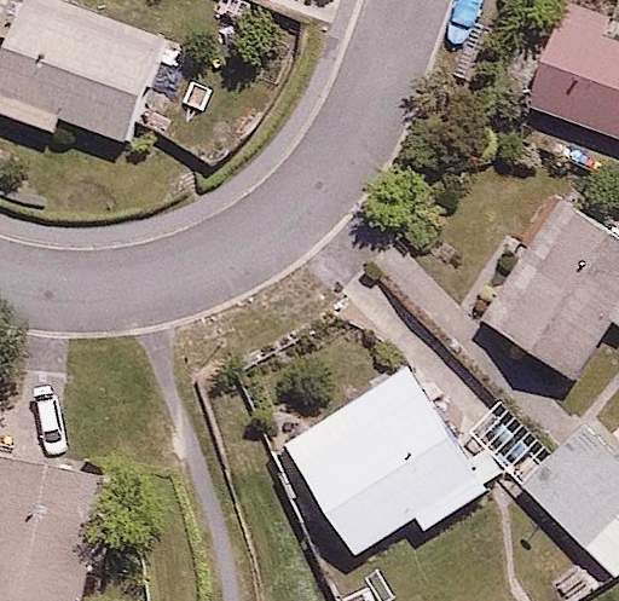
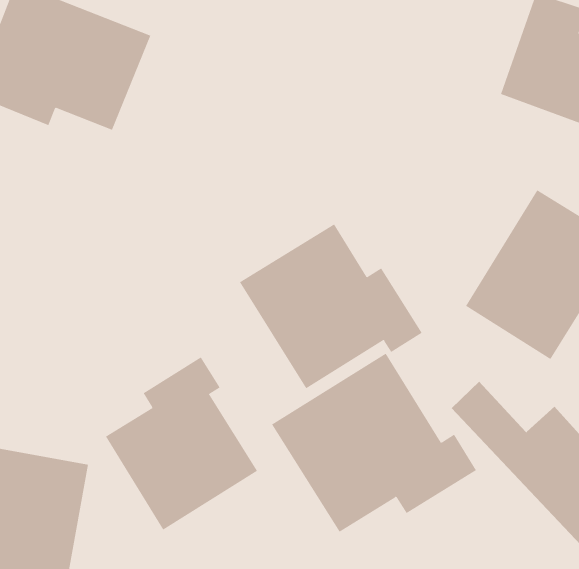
building: none -> [239,224,422,389]
building: none -> [105,357,258,530]

